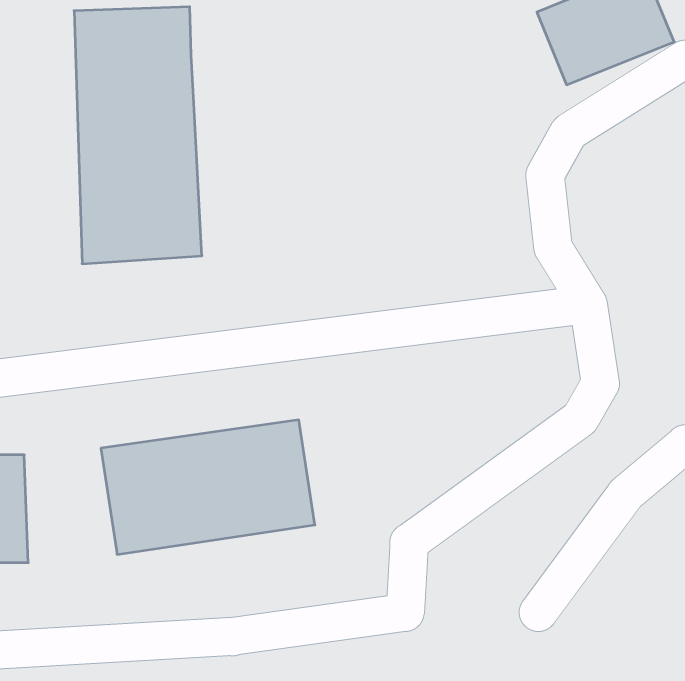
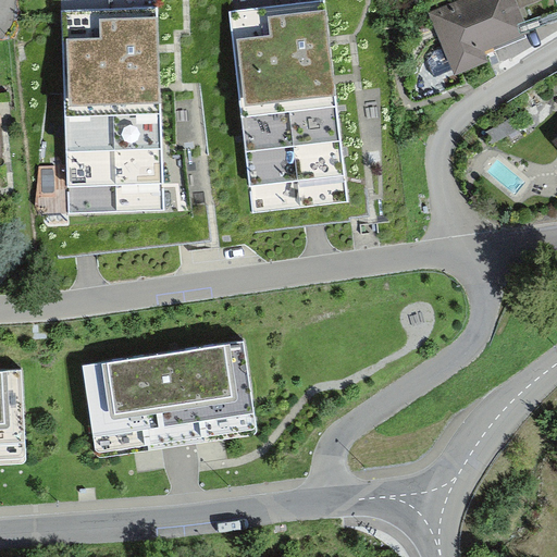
building: none -> [244,17,334,209]

